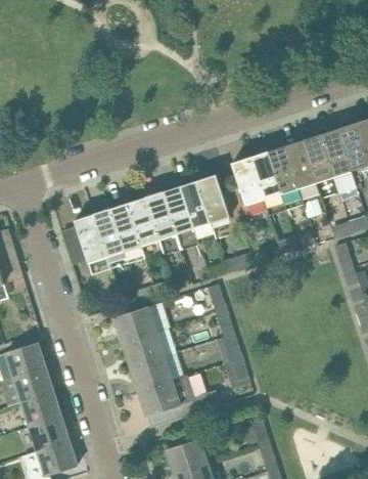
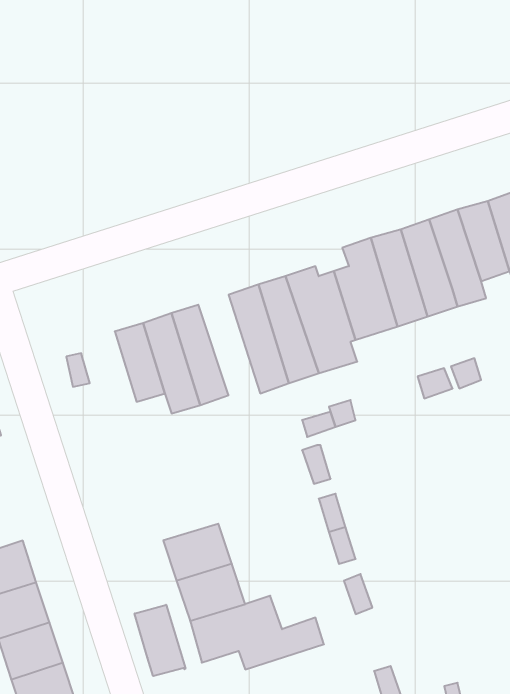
building: [144,191,182,257] -> none
building: [75,214,106,263] -> none
building: [114,306,156,342] -> none
building: none -> [135,605,185,676]

